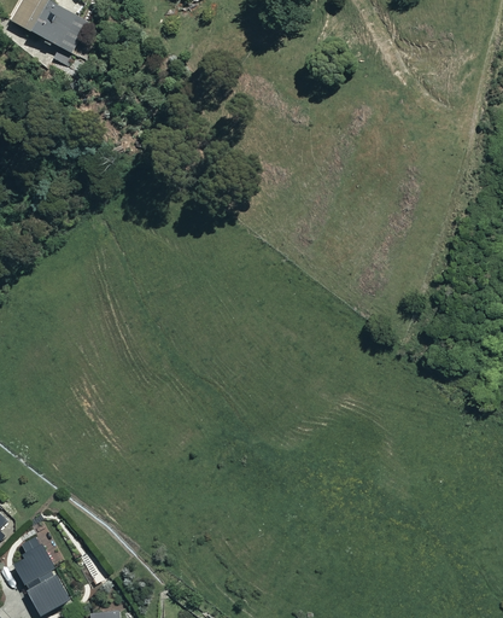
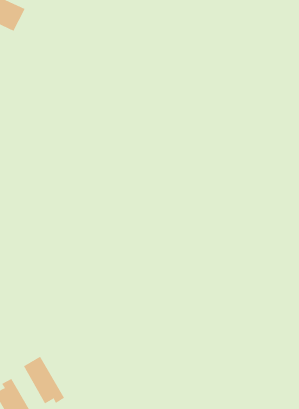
building: none -> [23,356,65,404]

